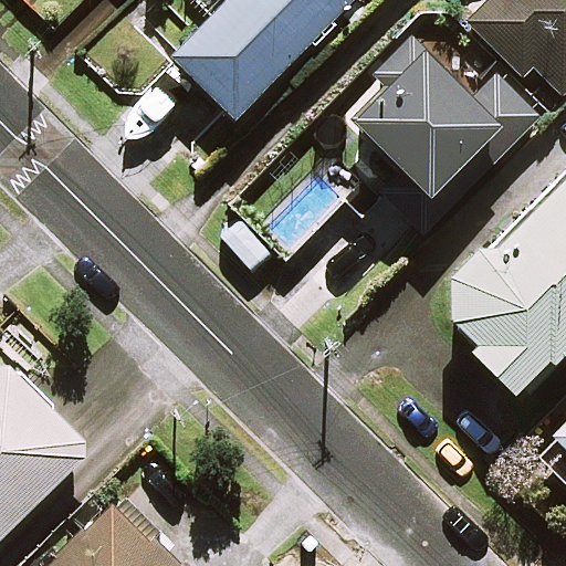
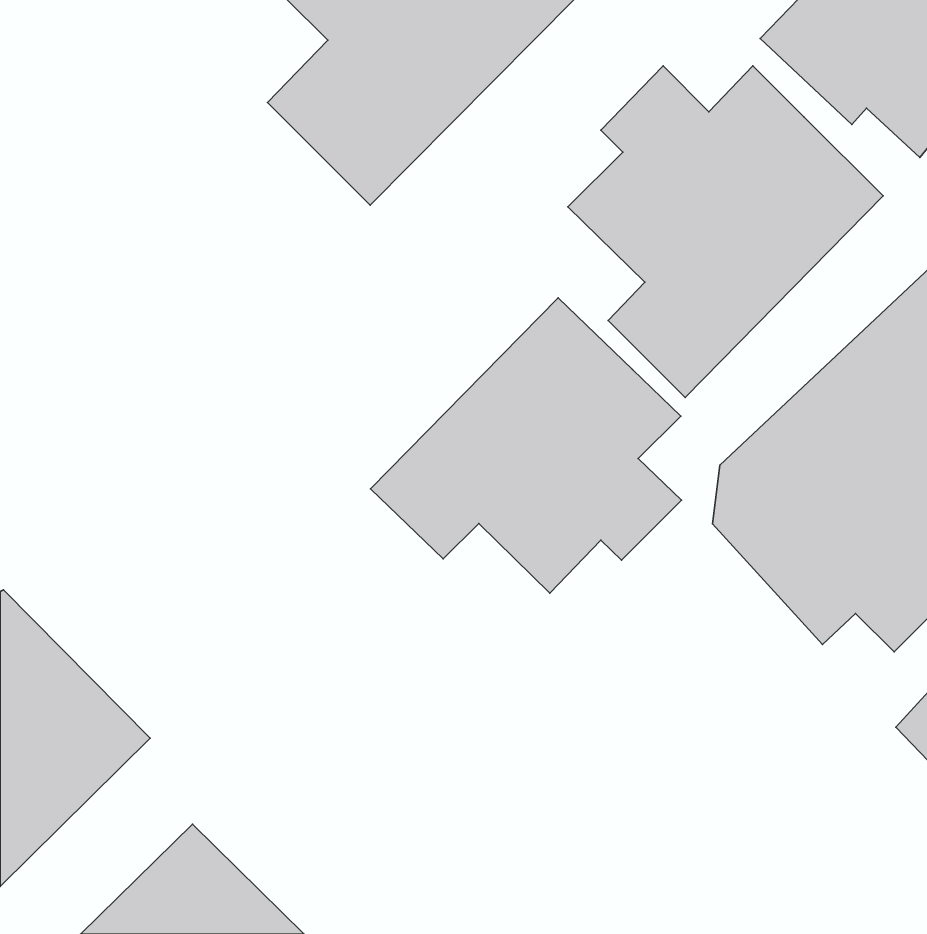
building: none -> [371,298,681,593]

